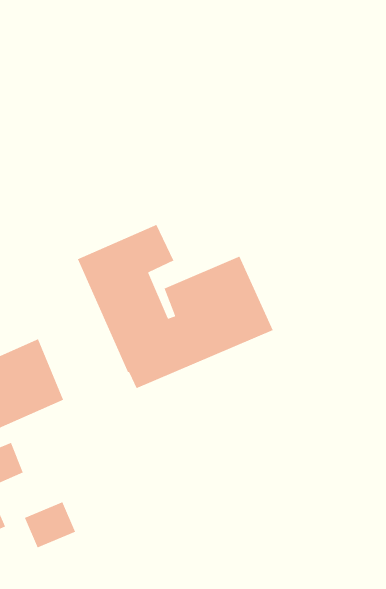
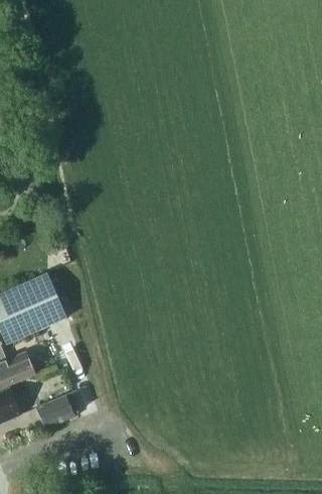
building: [77,224,274,389] -> none

